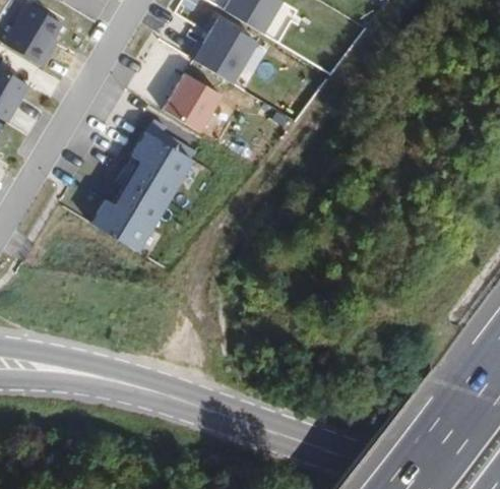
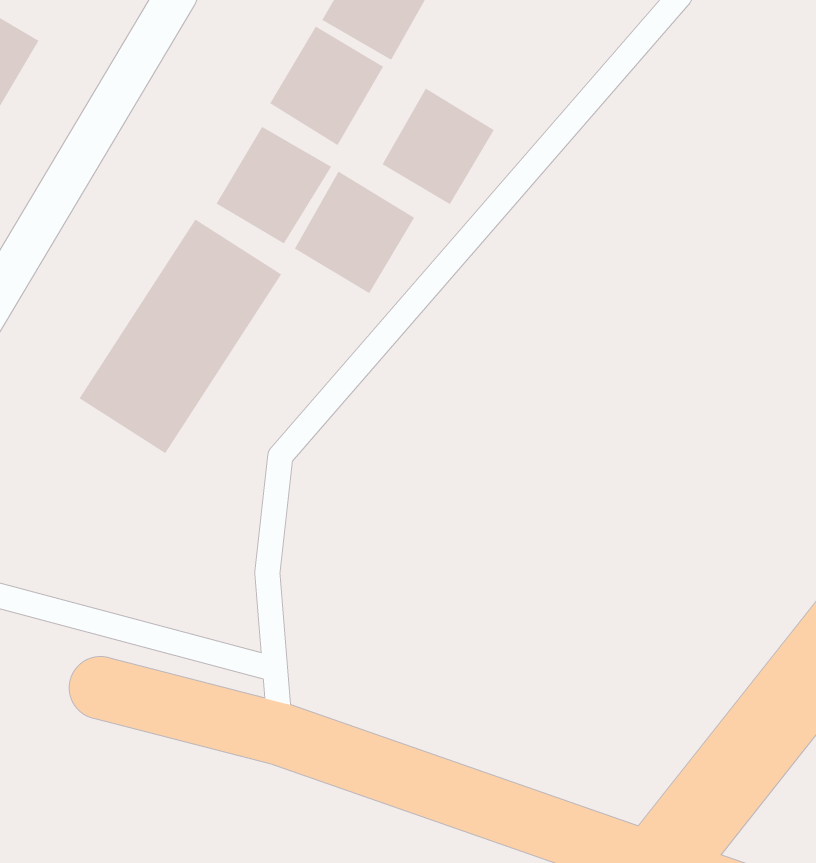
building: none -> [381,87,495,205]
building: none -> [294,171,415,294]

